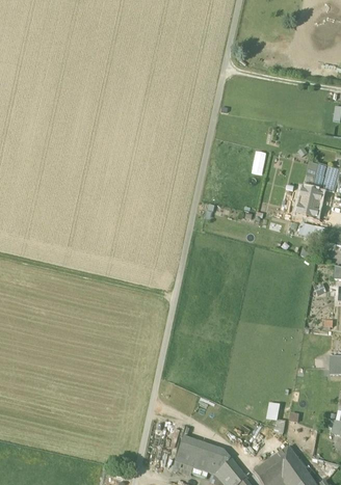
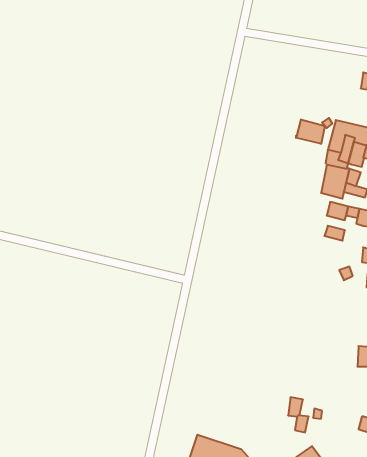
building: none -> [296,119,325,144]

